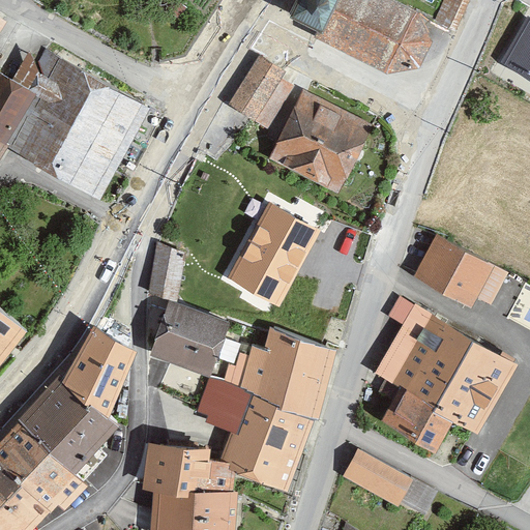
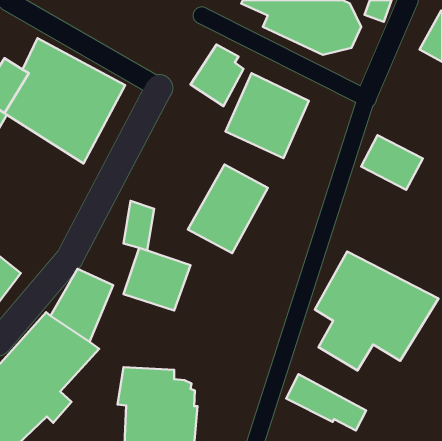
building: [424,236,498,301] -> [361,135,423,190]
building: [195,326,334,491] -> none

